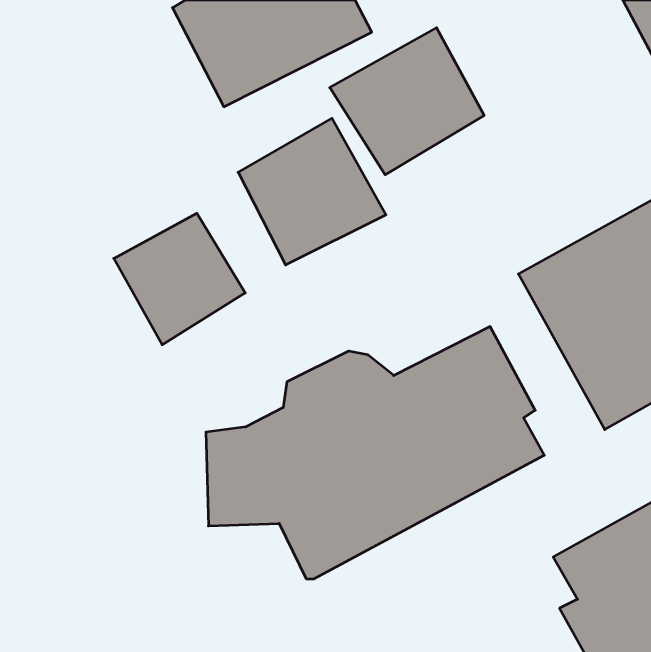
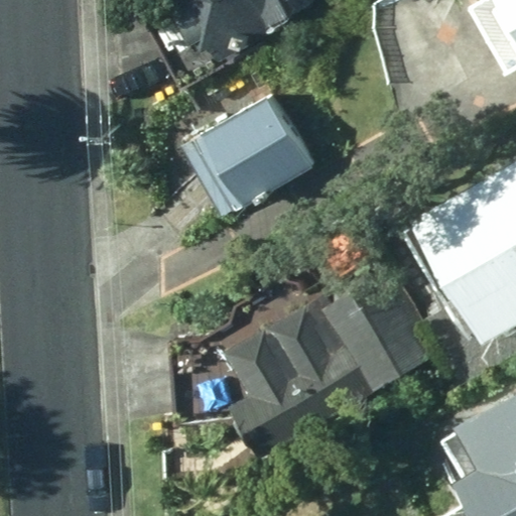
building: [330,28,484,175] -> none
building: [114,213,245,345] -> none

